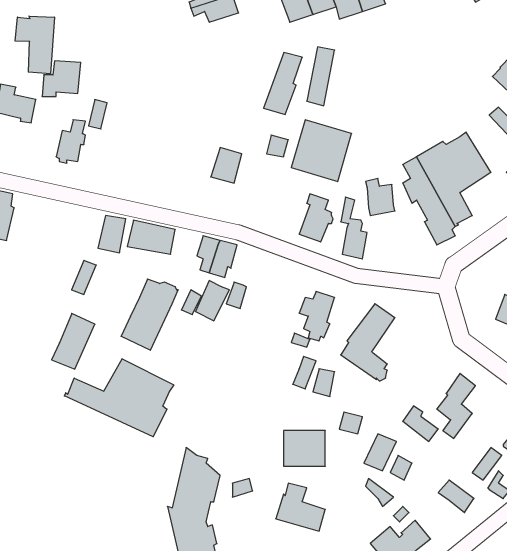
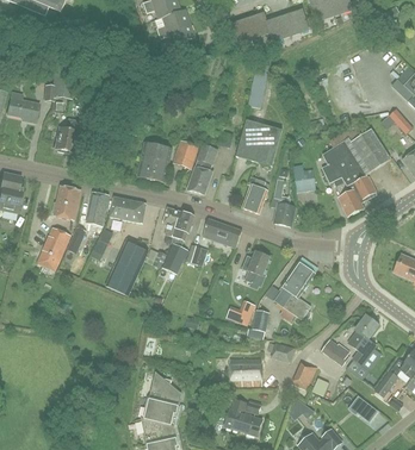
building: [15,16,54,74] -> none
building: [264,53,302,114] -> [187,144,217,192]
building: none -> [137,140,172,181]
building: none -> [54,185,81,219]
building: none -> [203,218,242,246]
building: [52,313,95,369] -> [37,226,70,269]
building: [64,359,174,437] -> none

